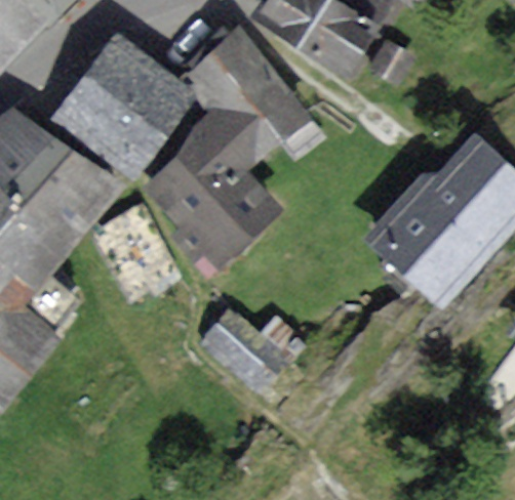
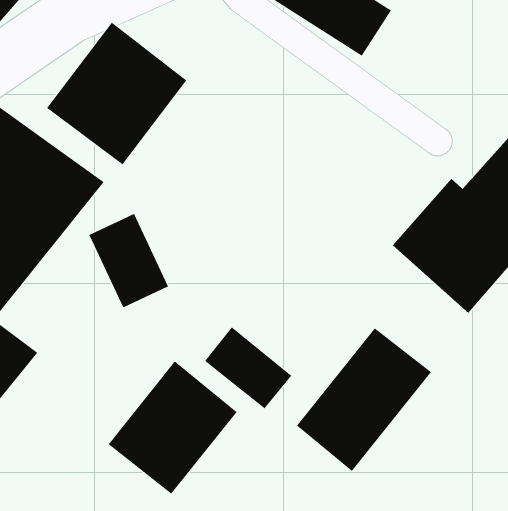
building: [149,37,304,259] -> none
building: none -> [296,327,432,472]
building: none -> [108,361,237,494]

